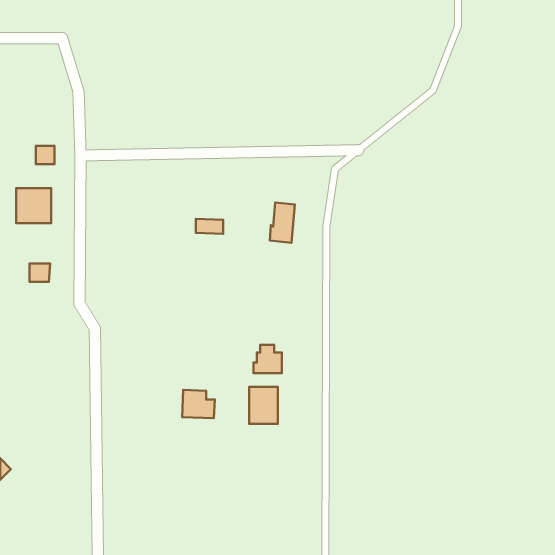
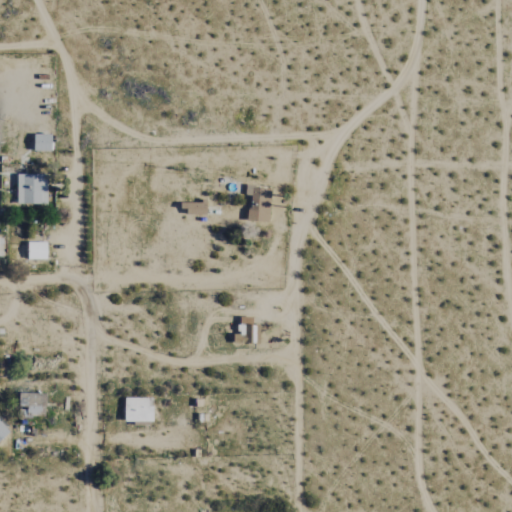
building: [249,387,278,424] -> none
building: [182,390,215,418] -> [125,396,155,422]
building: none -> [17,392,47,415]

